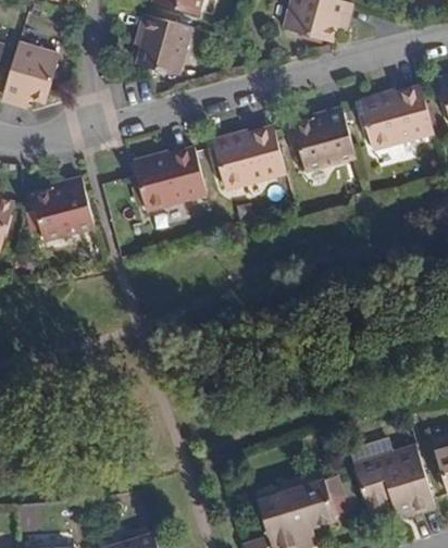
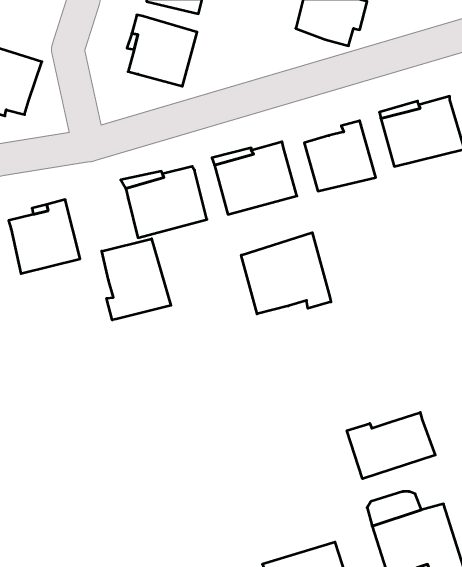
building: none -> [241,233,331,314]
building: none -> [102,239,171,320]
building: none -> [347,412,435,479]

